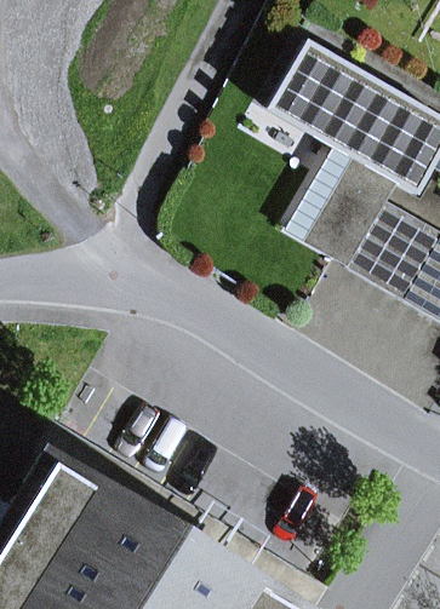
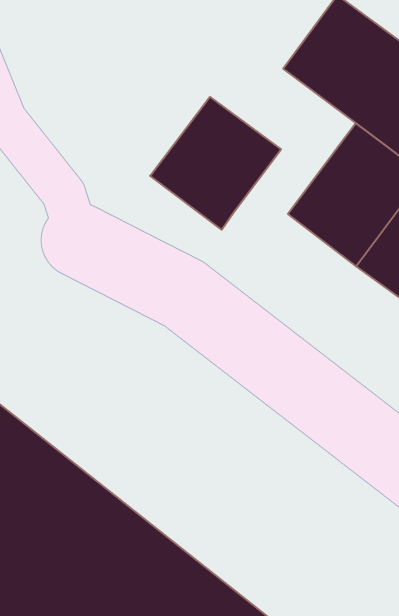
building: none -> [150,97,281,230]

